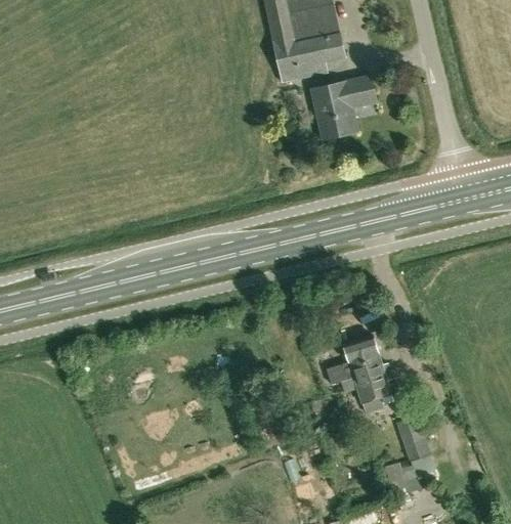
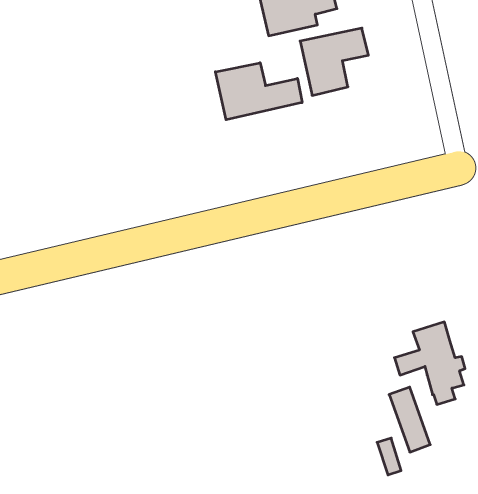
building: none -> [215,63,302,120]
building: [325,335,391,412] -> [394,322,465,404]

